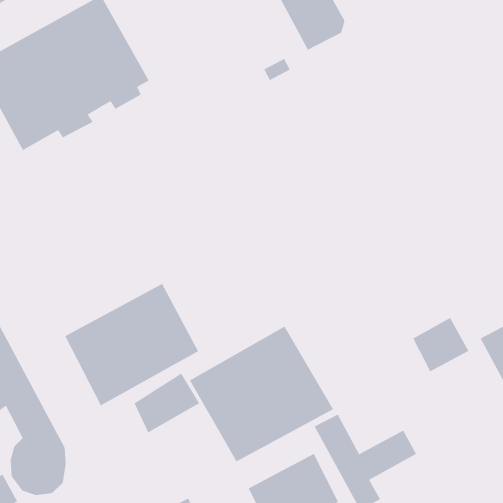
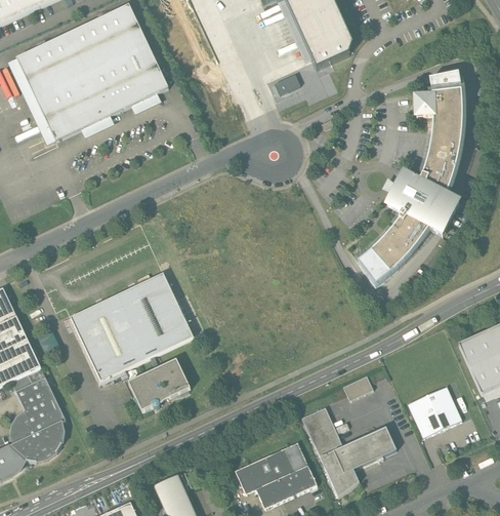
building: none -> [360,73,467,288]
building: [412,317,469,373] -> [406,385,458,435]
building: [189,325,334,463] -> none

